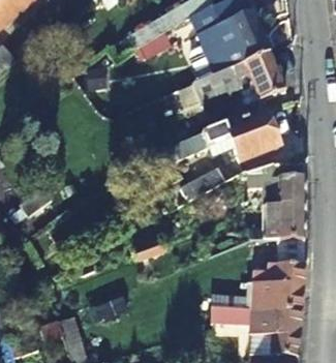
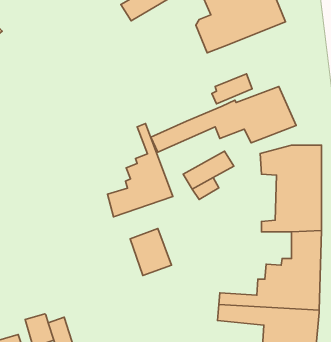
building: [193,51,286,101] -> none
building: none -> [108,123,173,217]

